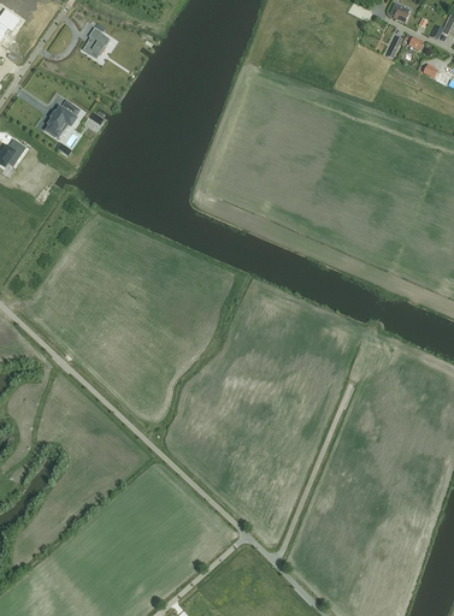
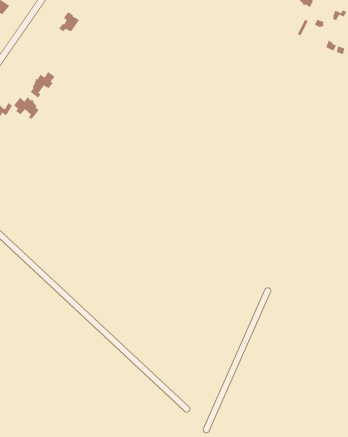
building: none -> [13,96,39,120]

